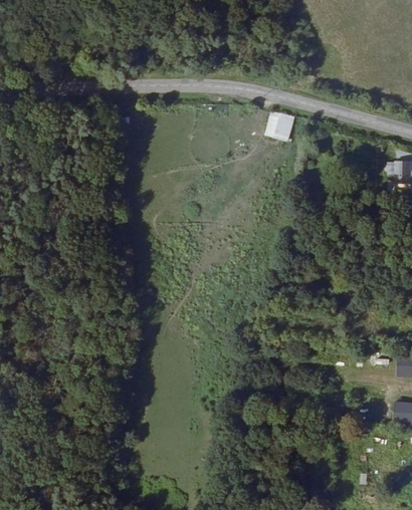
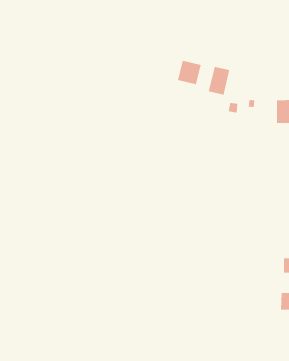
building: none -> [208,66,230,95]

